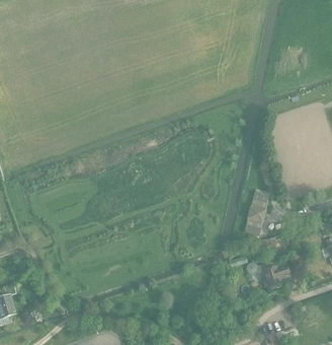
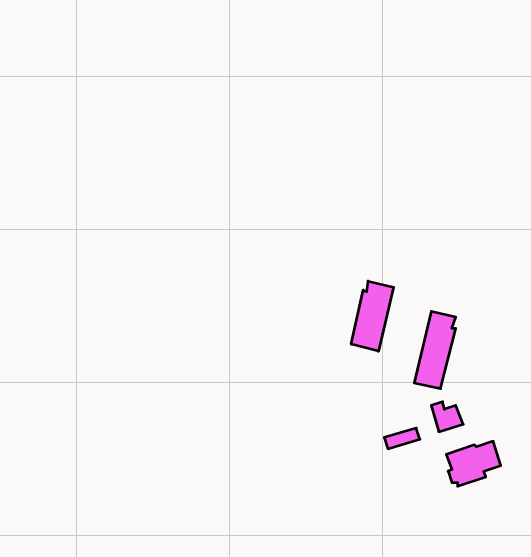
building: none -> [351,281,394,351]

